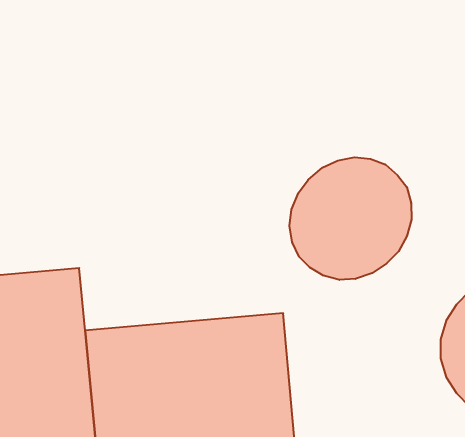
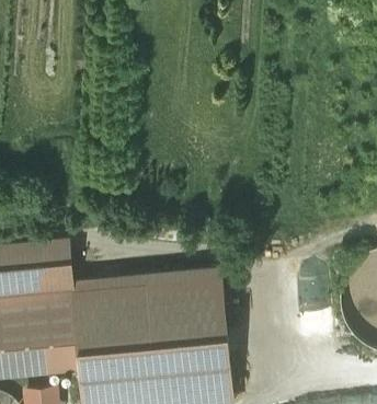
building: [289,157,411,280] -> none

